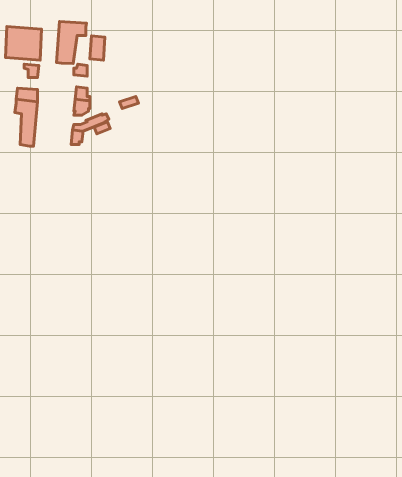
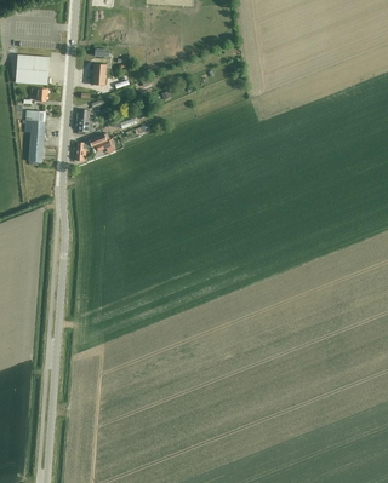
building: [56,22,87,64] -> none

